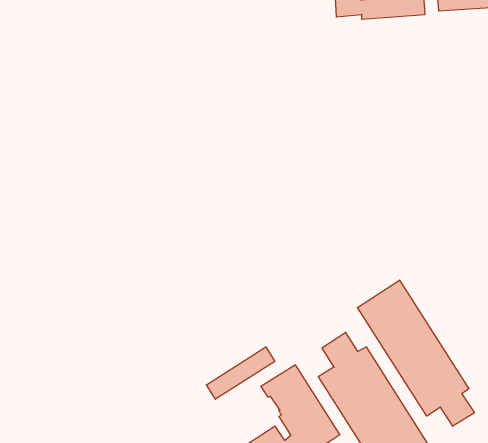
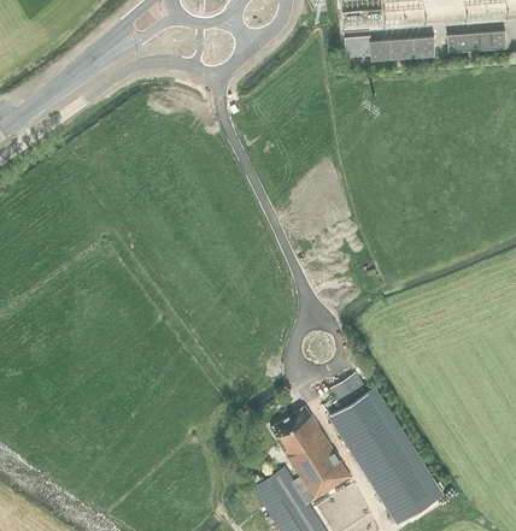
building: [357,280,474,426] -> none
building: [206,347,275,399] -> none

